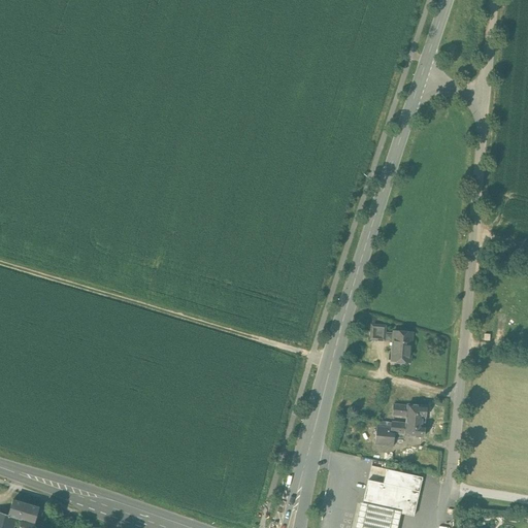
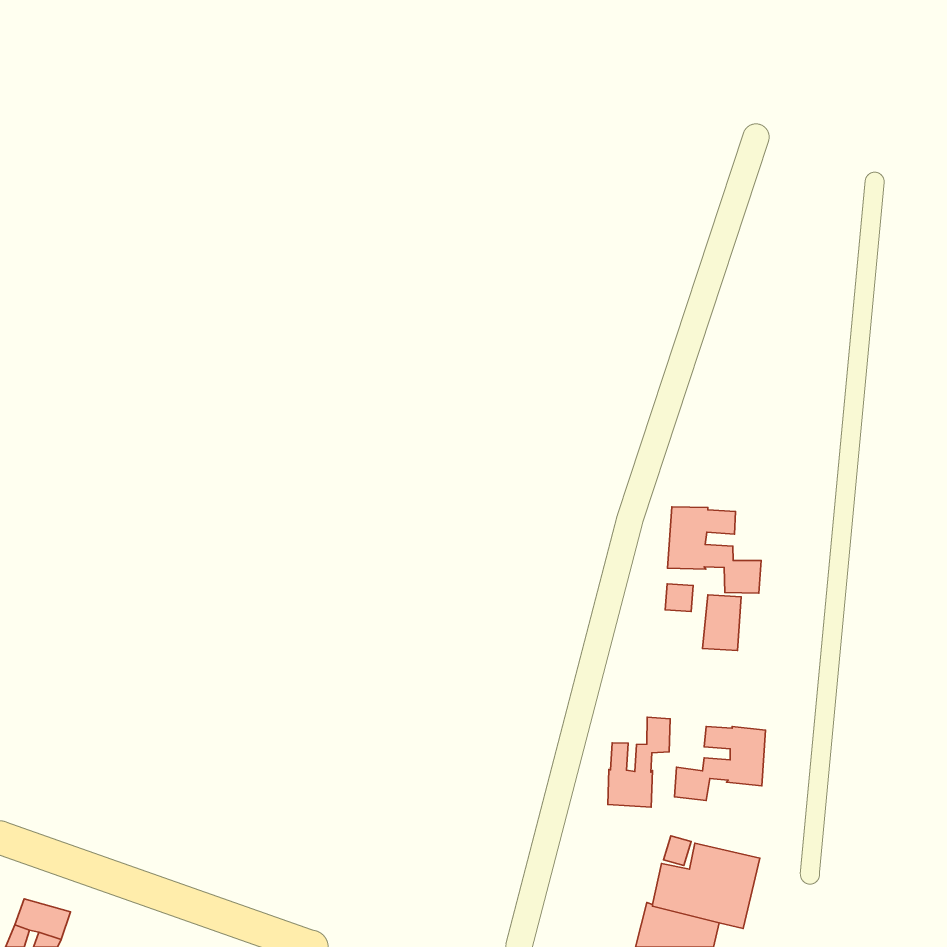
building: none -> [668,507,761,593]
building: none -> [608,717,670,807]

